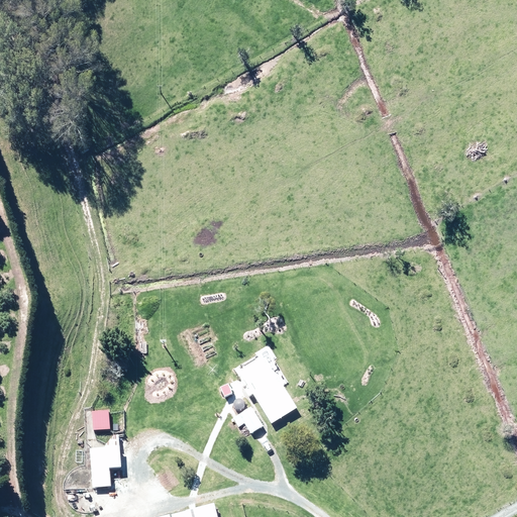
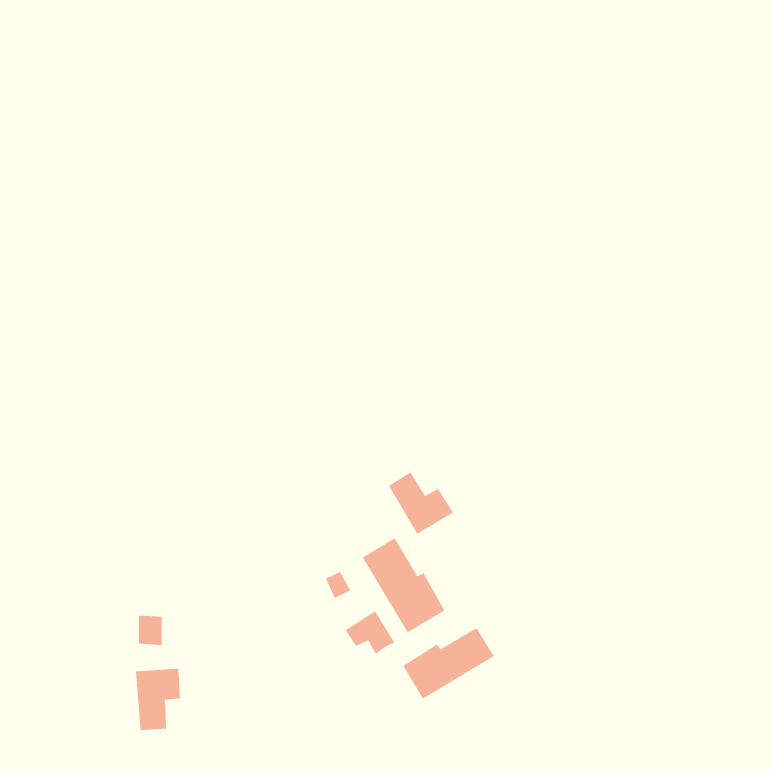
building: none -> [388,472,454,535]
building: none -> [403,627,494,700]

